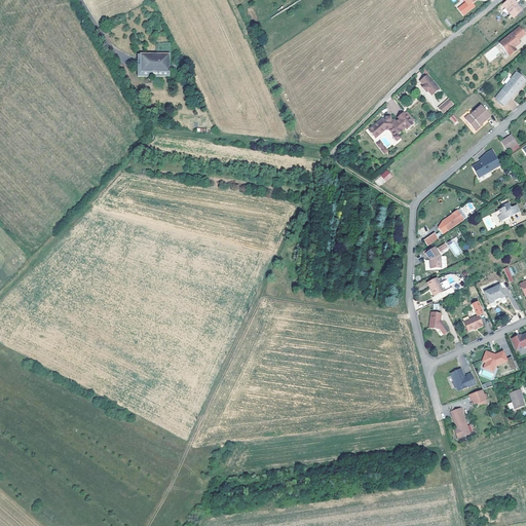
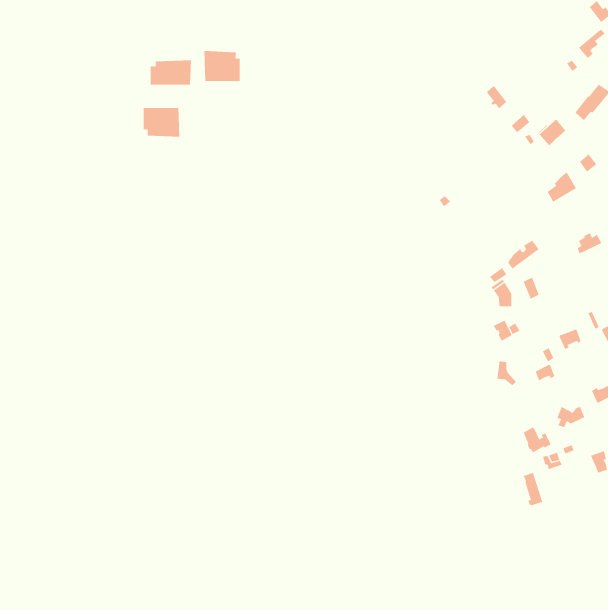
building: none -> [204,50,240,82]
building: none -> [143,107,180,137]
building: [368,112,413,140] -> none

